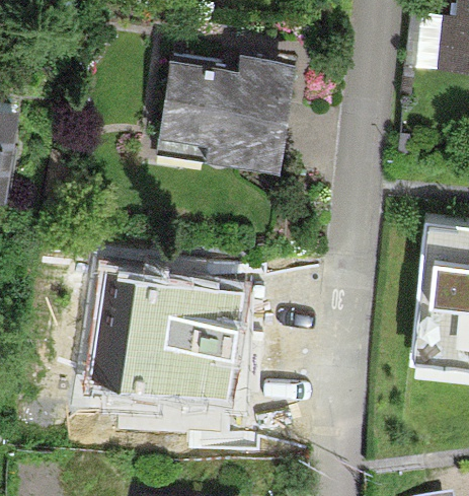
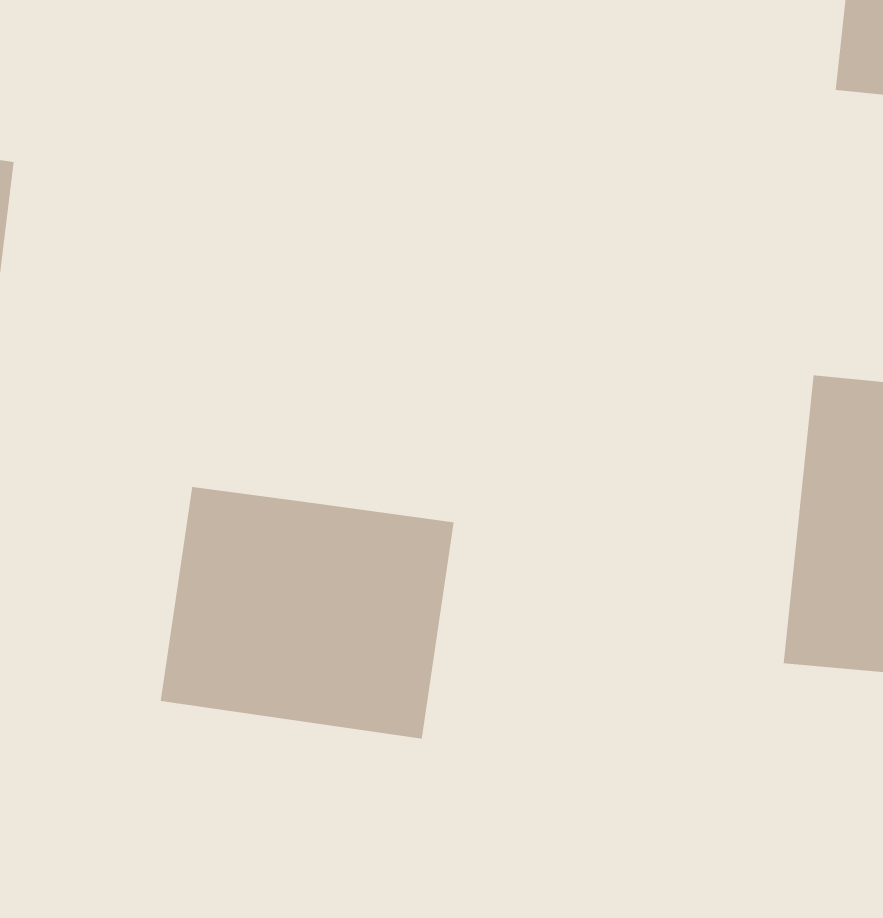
building: [160,56,296,174] -> none

